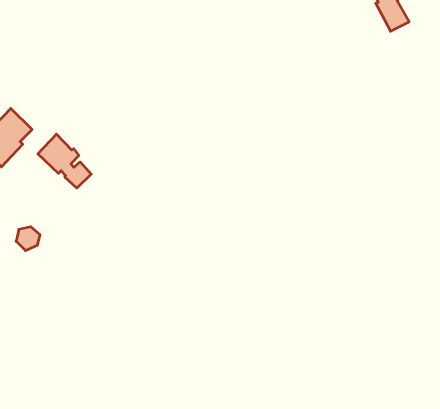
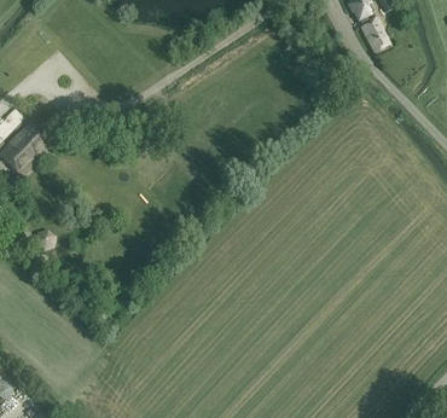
building: [38,134,91,188] -> none

